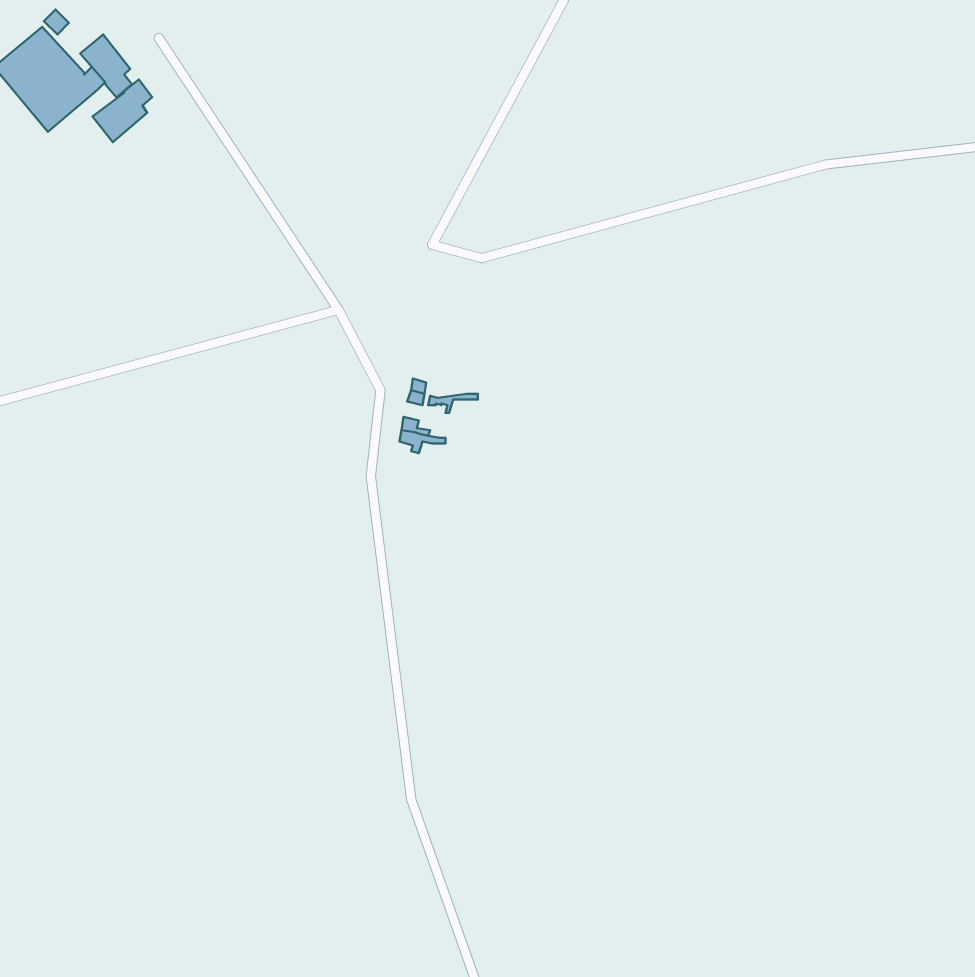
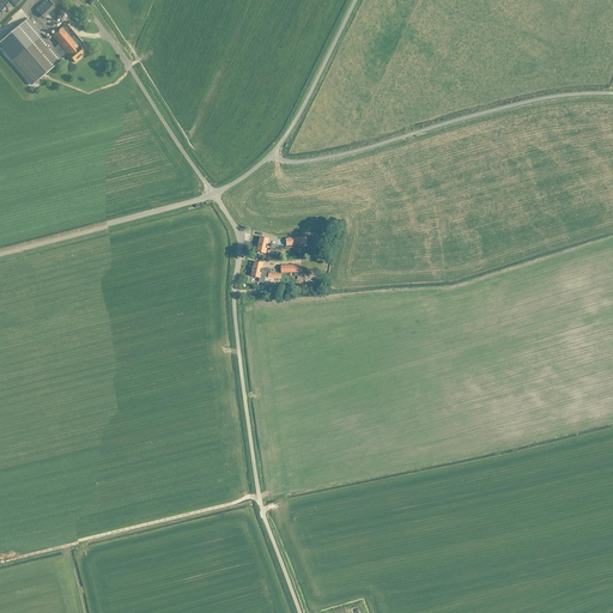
building: [93,80,152,142] -> none

